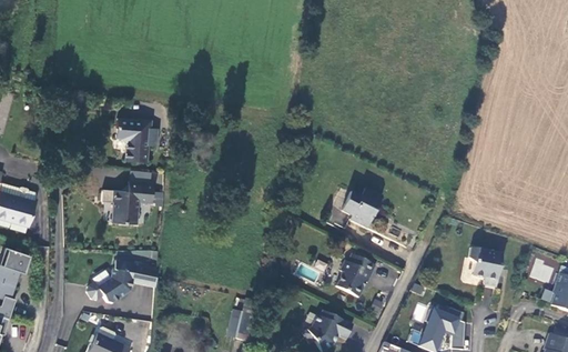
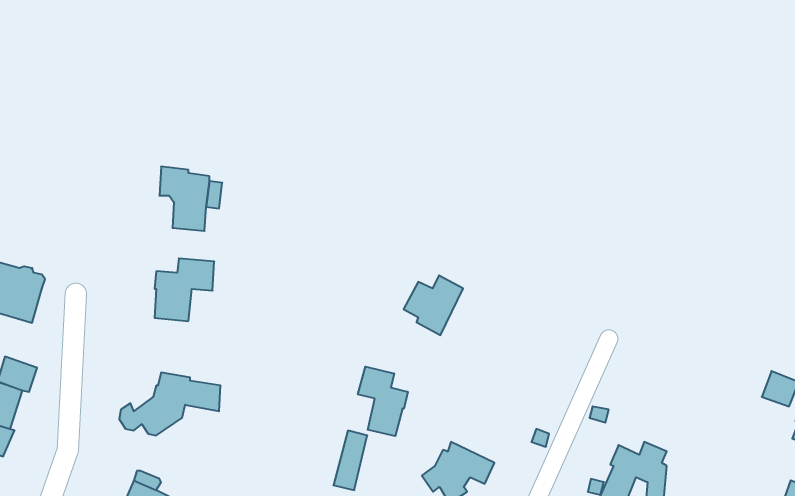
building: [341,187,382,228] -> [404,275,463,335]
building: [468,247,501,285] -> none
building: [335,253,375,298] -> none
building: none -> [358,367,408,436]

